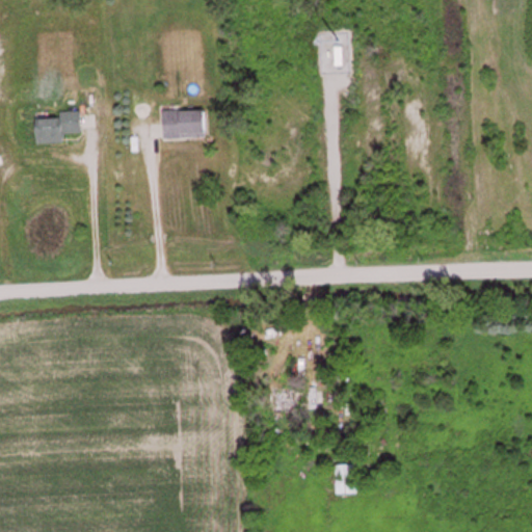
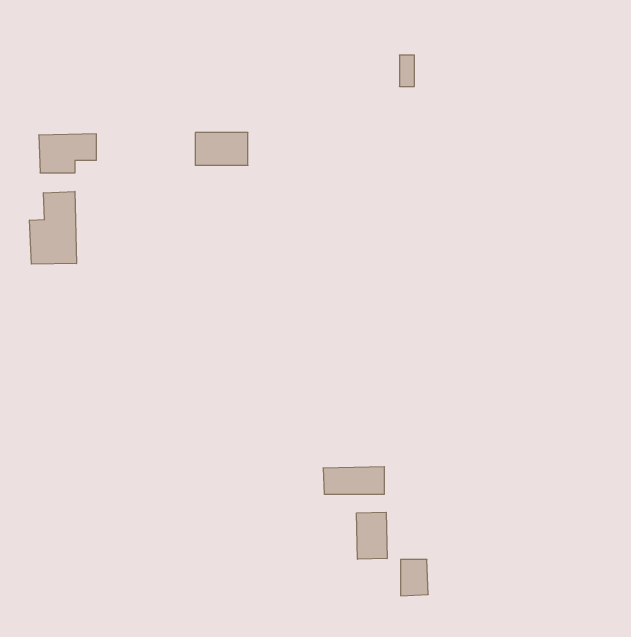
building: none -> [30,191,76,264]
building: none -> [357,512,387,559]

